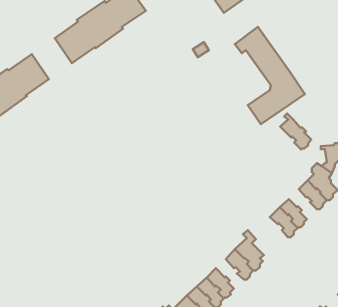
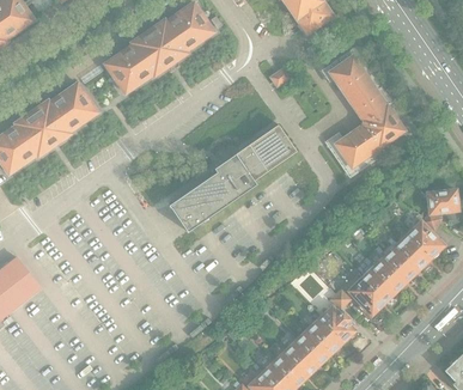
building: none -> [169,124,297,232]
building: [280,114,311,150] -> [382,237,419,280]
building: none -> [336,278,384,313]
building: none -> [298,328,331,362]

